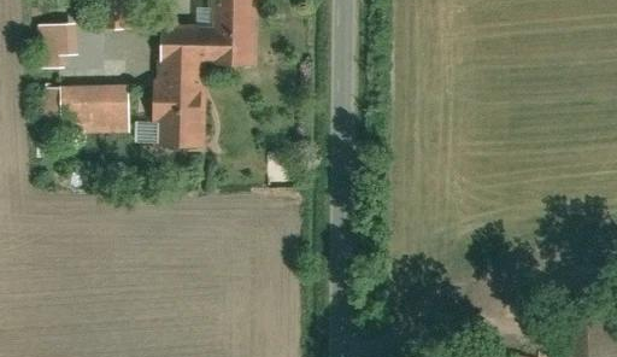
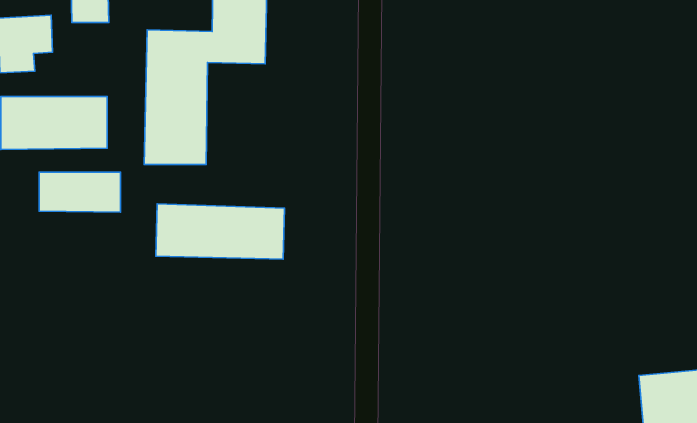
building: none -> [39,172,121,212]
building: none -> [156,204,284,259]

